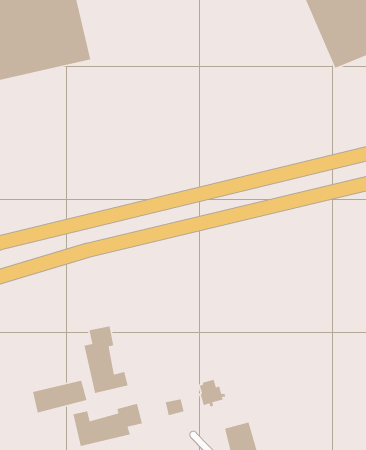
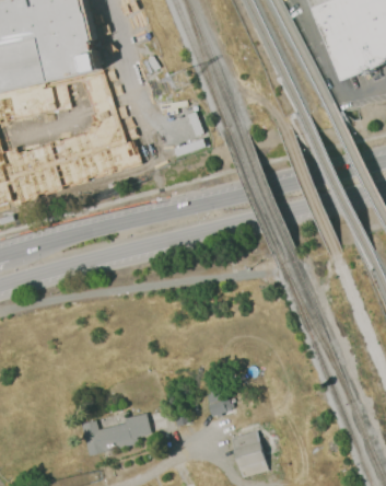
building: [84,325,128,394] -> none
building: [32,380,87,414] -> none

